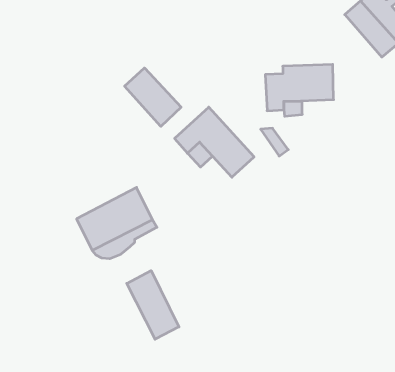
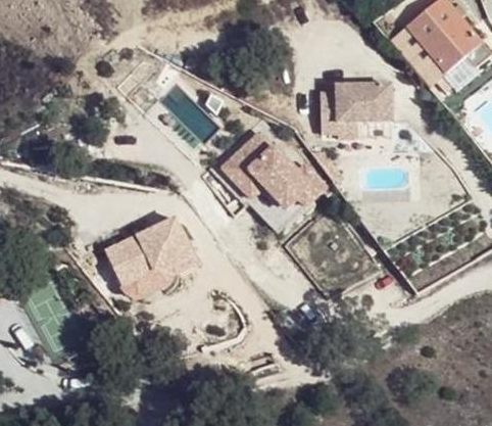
building: [125,68,181,126] -> none
building: [127,271,179,339] -> none

